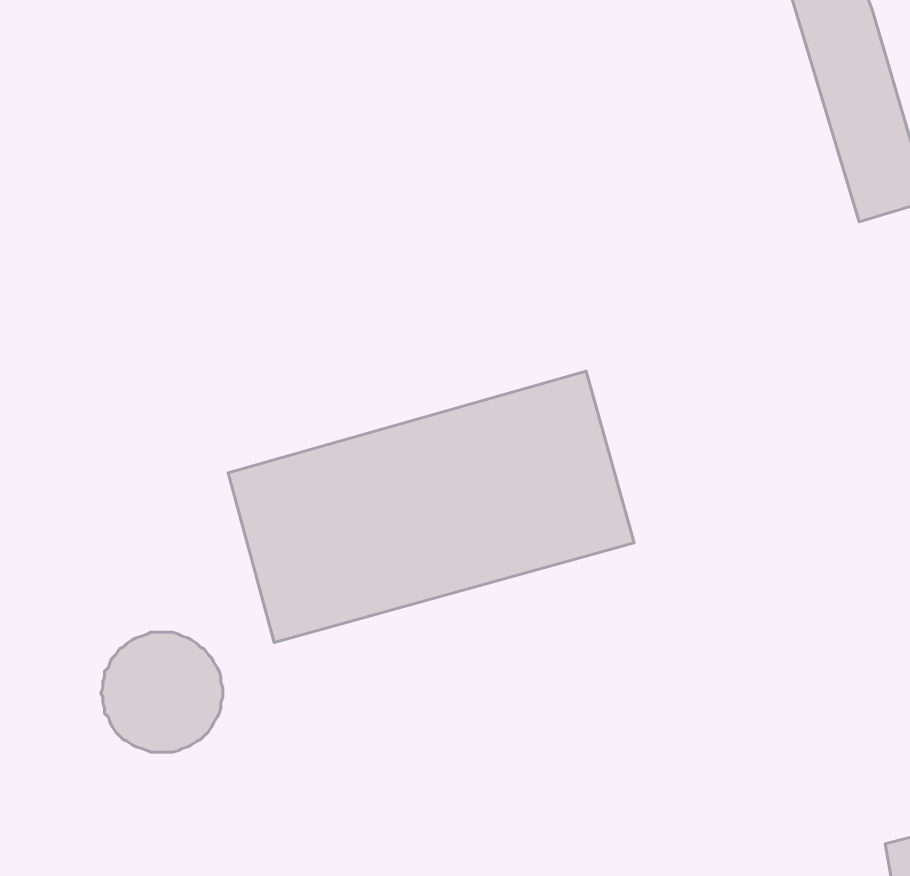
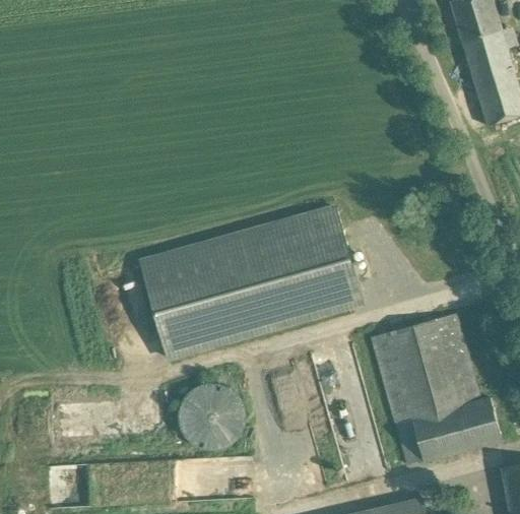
building: none -> [373,312,501,463]
building: [101,632,223,752] -> [178,382,245,448]

